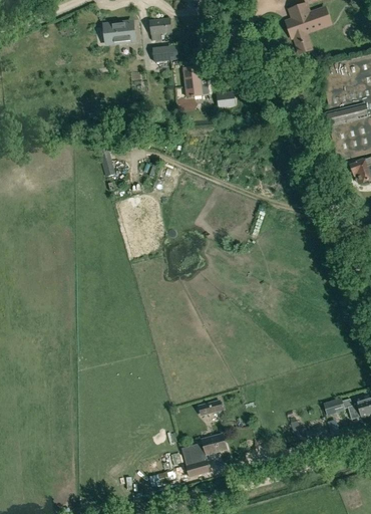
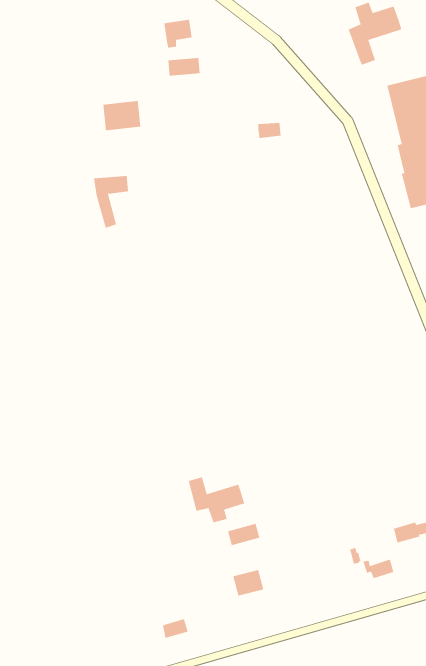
building: [103,21,132,44] -> [103,100,141,131]
building: [182,67,208,97] -> none
building: none -> [188,477,245,523]
building: [180,443,208,477] -> none

